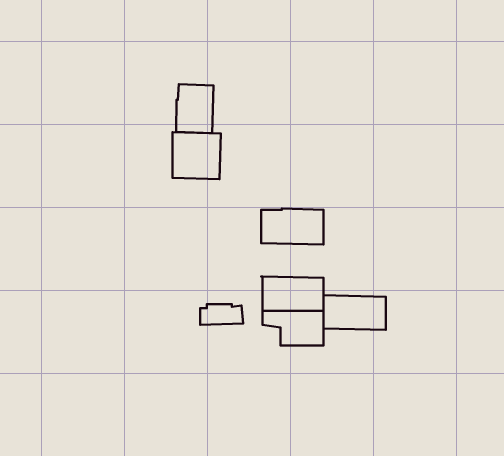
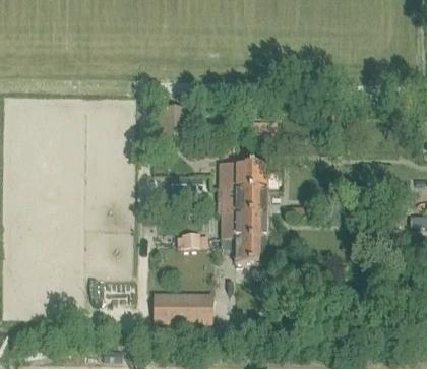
building: [176,84,214,133] -> none
building: [323,295,386,330] -> [221,188,266,213]
building: none -> [154,292,214,323]

